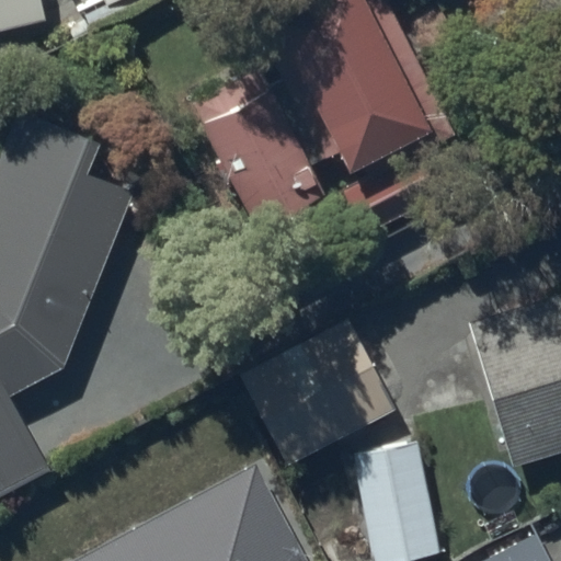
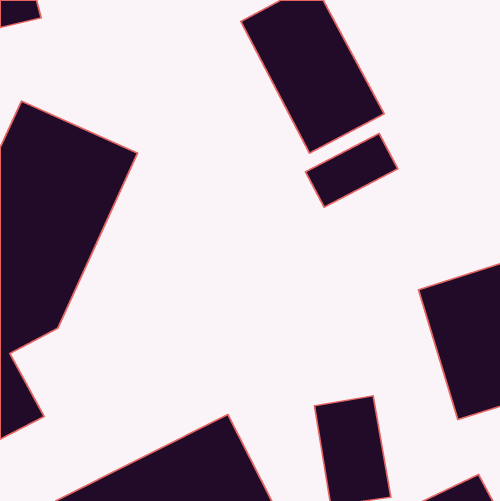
building: [192,69,325,230] -> none
building: [234,317,392,470] -> none

